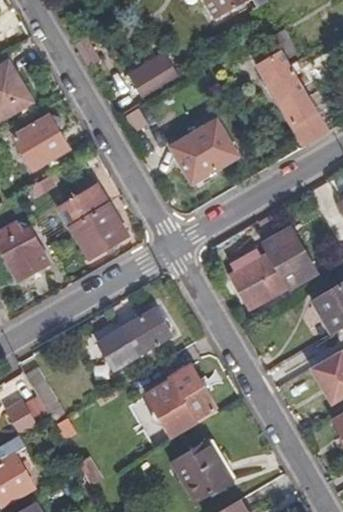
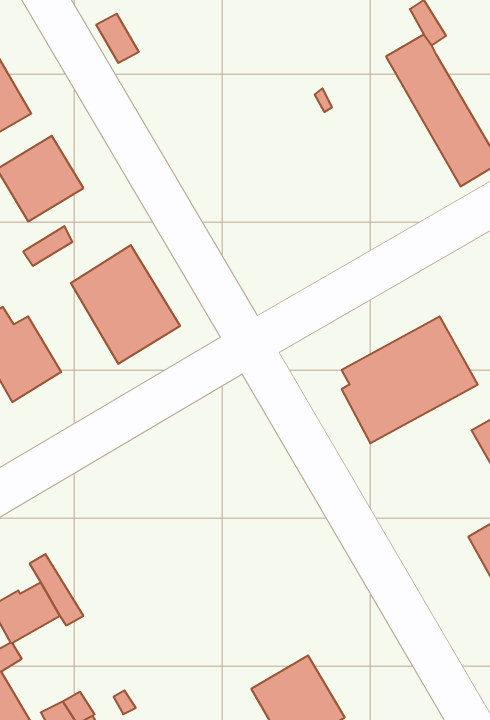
building: [126,54,178,103] -> none
building: [169,120,237,184] -> none
building: [96,307,170,369] -> none
building: [146,365,214,439] -> none

